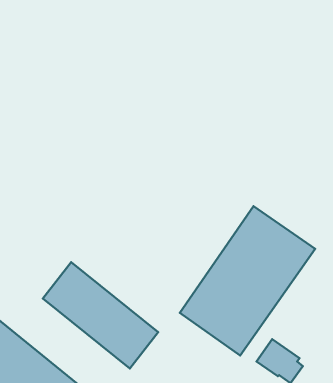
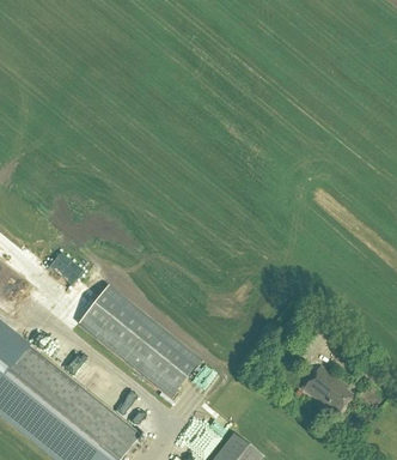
building: [180,206,315,356] -> none

